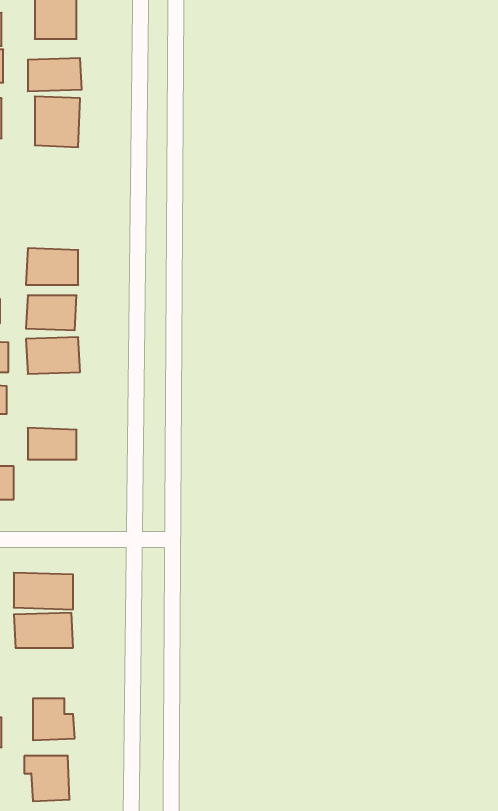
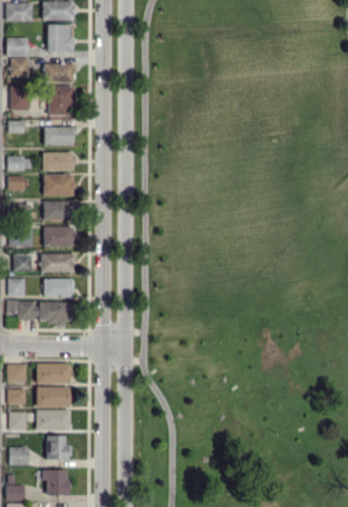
building: none -> [44,126,74,145]
building: none -> [42,151,73,171]
building: none -> [41,253,75,272]
building: none -> [39,302,71,323]
building: none -> [36,409,70,431]

